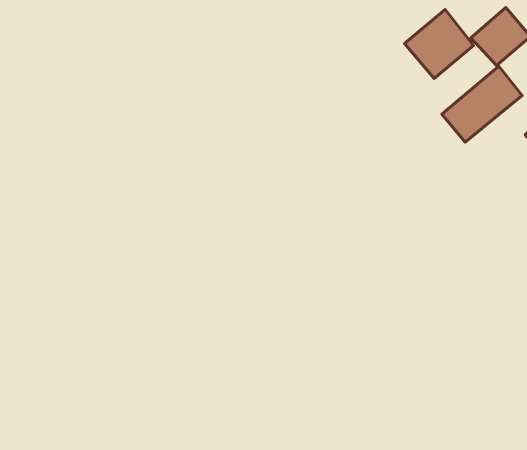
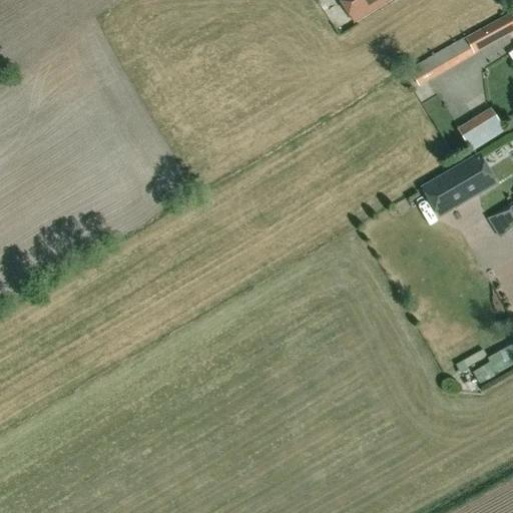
building: [404,9,473,79] -> none

